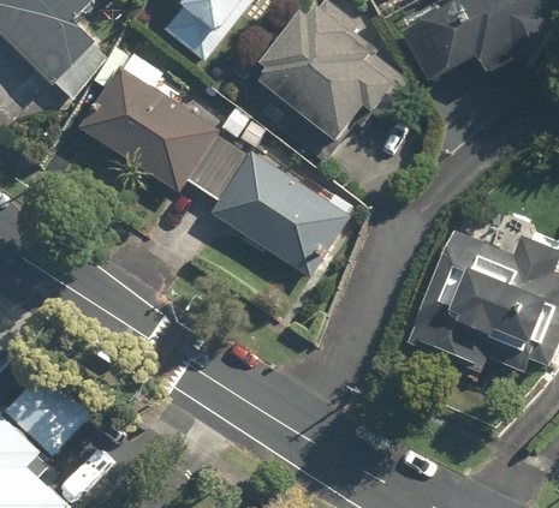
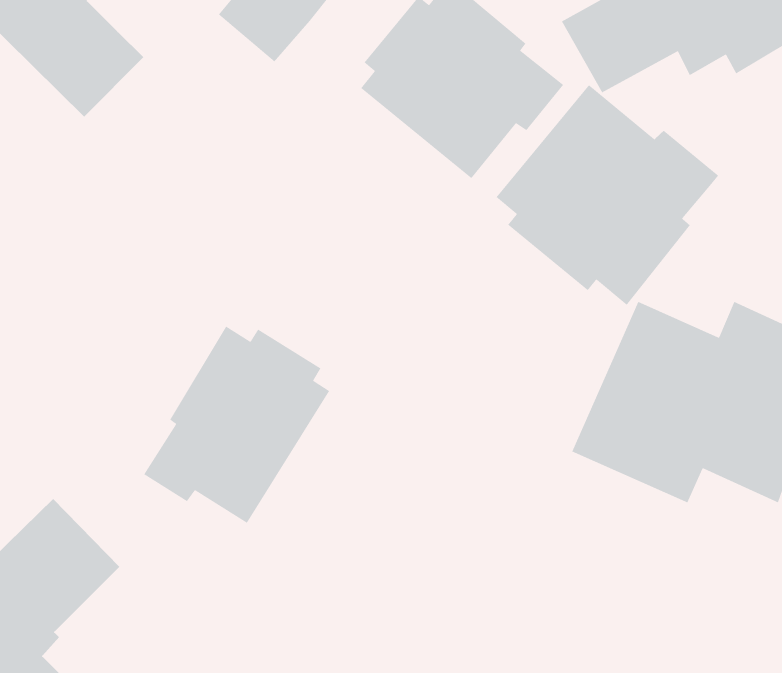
building: [82,70,346,274] -> none
building: none -> [496,84,719,306]
building: none -> [143,325,330,524]

